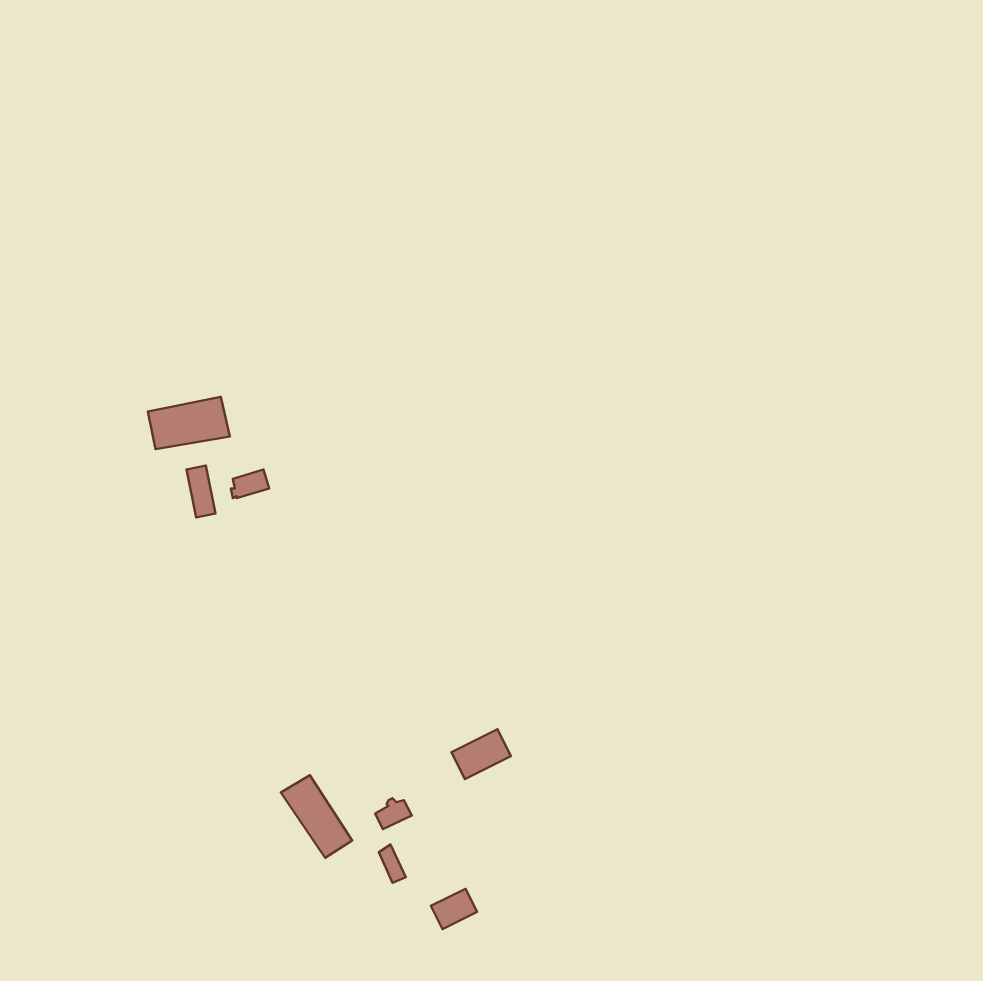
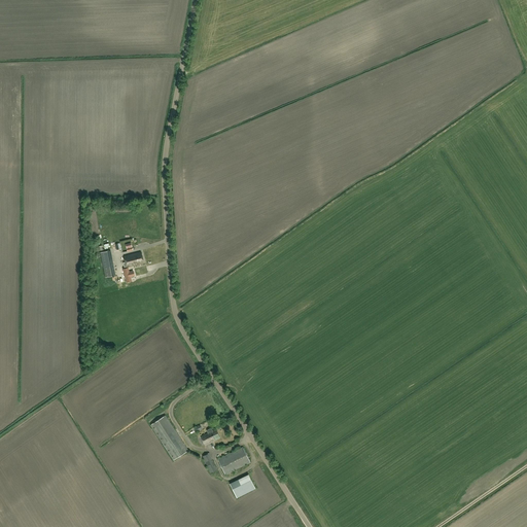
building: [148,397,230,449] -> none
building: [451,729,511,779] -> [218,447,250,473]

